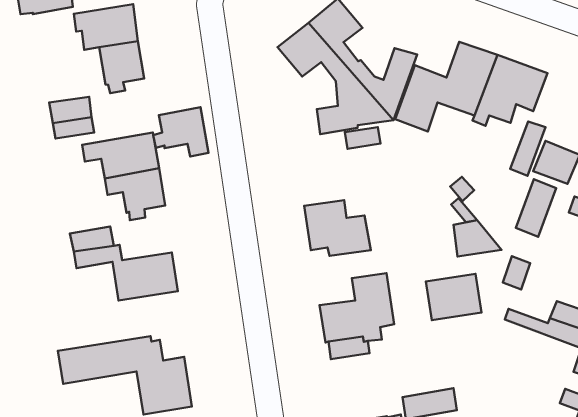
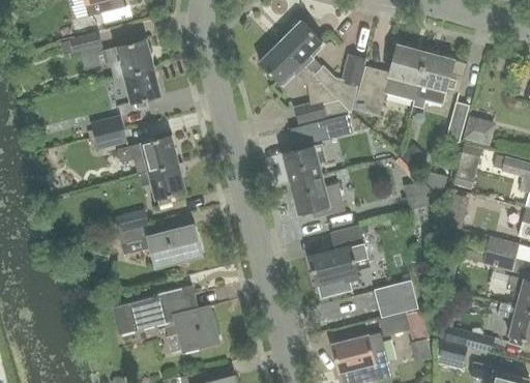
building: [153,107,209,157] -> none
building: none -> [284,145,327,181]
building: [426,274,482,320] -> [374,279,418,318]

